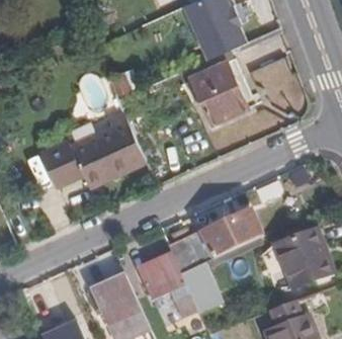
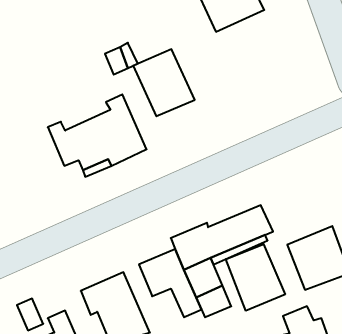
building: [188,62,245,123] -> [133,49,195,116]
building: [34,143,69,187] -> none
building: none -> [226,244,285,311]

